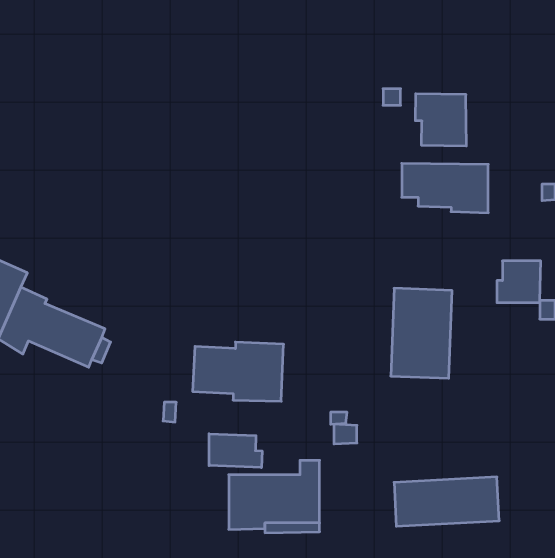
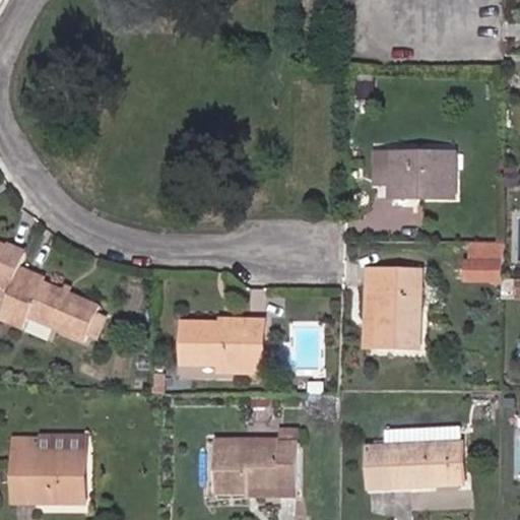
building: [415,94,466,146] -> none
building: [209,434,262,468] -> none
building: none -> [12,434,84,502]

